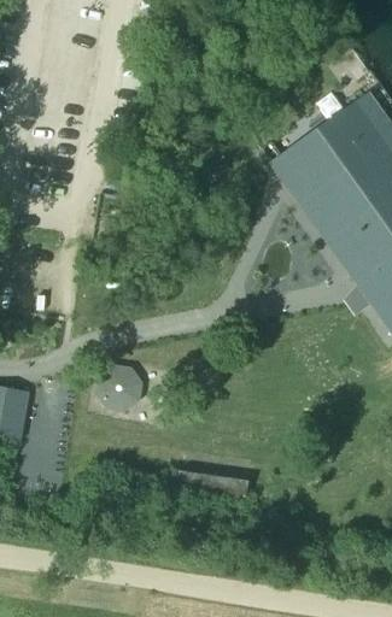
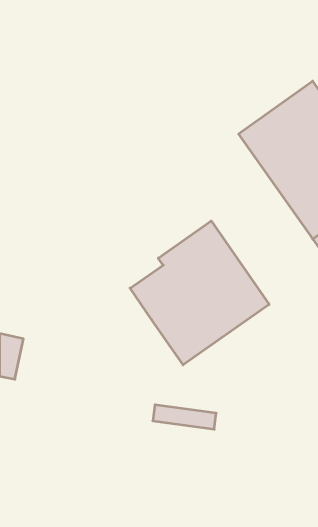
building: none -> [130,221,269,365]
building: [100,369,139,406] -> none

